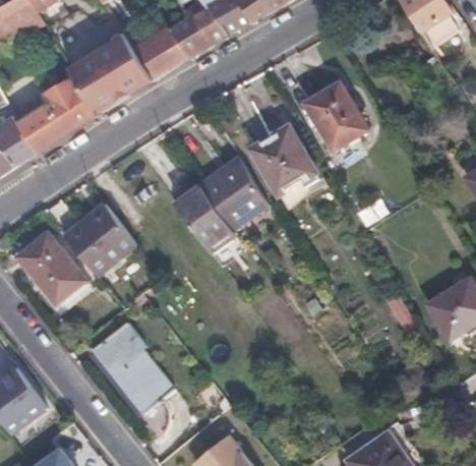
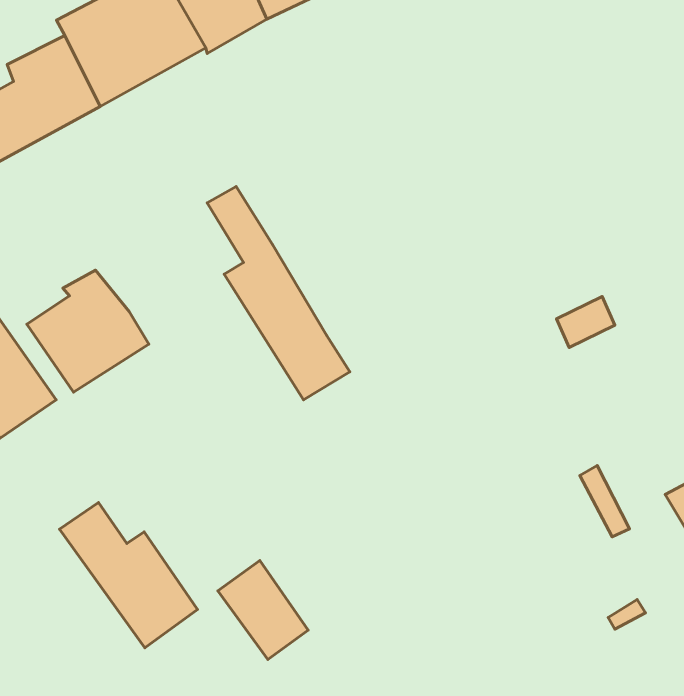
building: [305,79,372,151] -> none
building: [252,128,318,192] -> none
building: [197,161,269,231] -> none
building: none -> [218,560,308,660]

